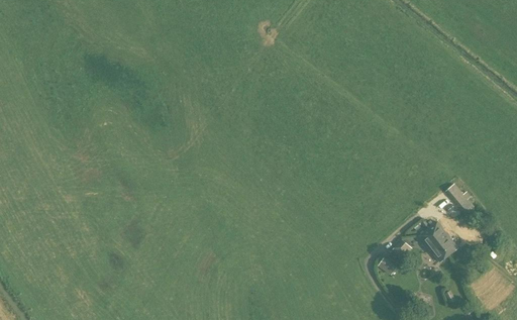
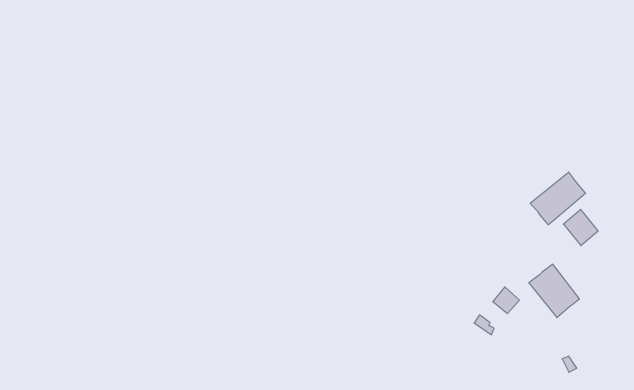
building: none -> [530,172,586,225]

